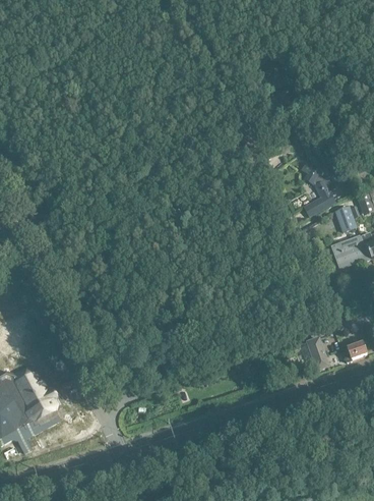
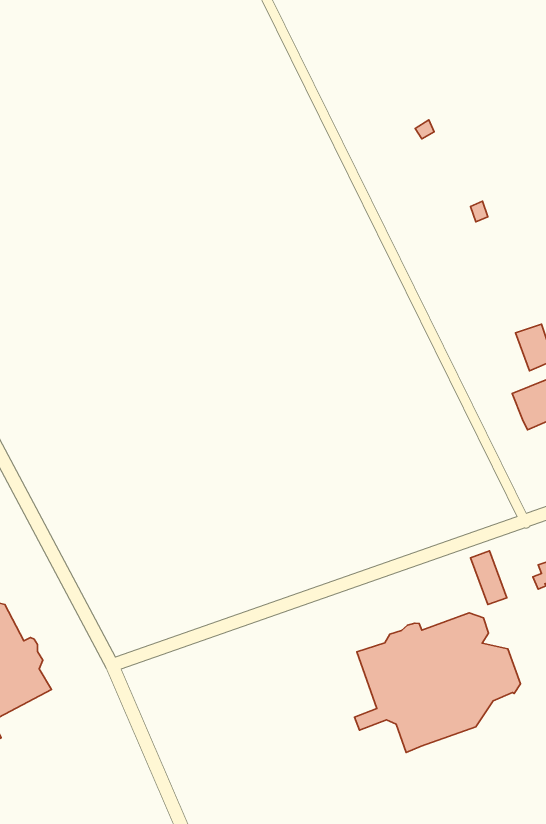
building: [304,165,335,216] -> none
building: none -> [355,613,520,753]

